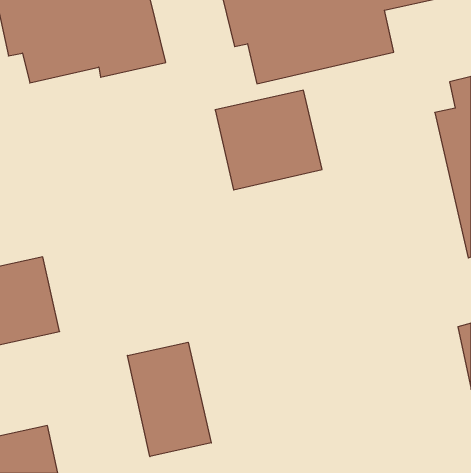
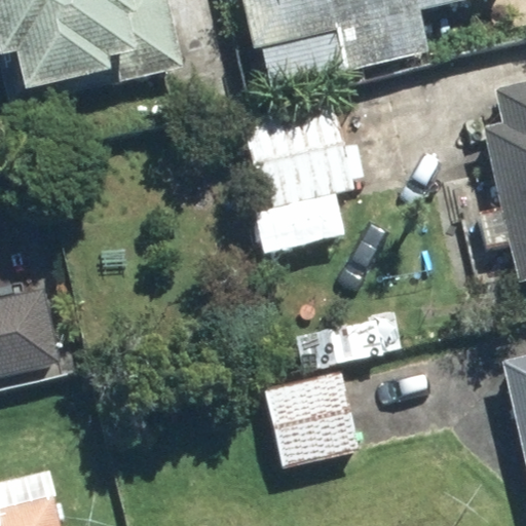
building: none -> [267,372,363,469]
building: [127,342,211,457] -> none

